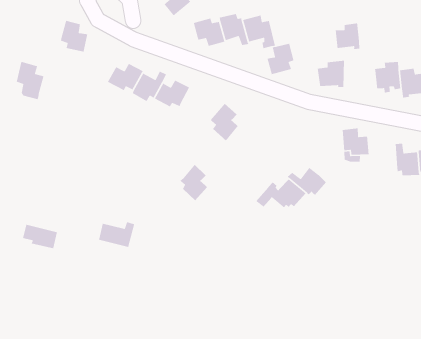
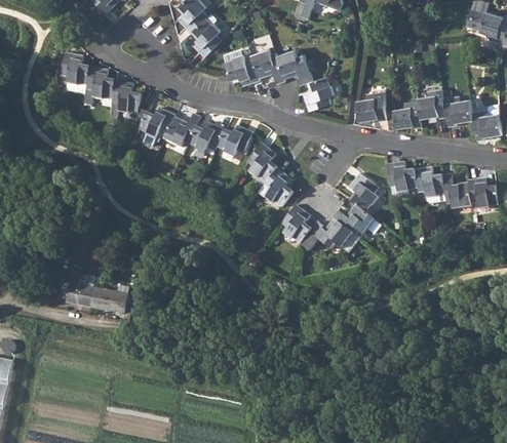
building: [335,22,360,50] -> [393,100,421,129]
building: none -> [111,80,140,113]
building: [16,61,45,100] -> [61,52,90,92]
building: none -> [217,125,252,155]
building: none -> [414,167,445,203]
building: none -> [348,173,378,212]
building: [180,164,208,201] -> [263,168,293,207]
building: none -> [281,206,312,245]
building: [98,221,135,248] -> [92,285,130,313]

